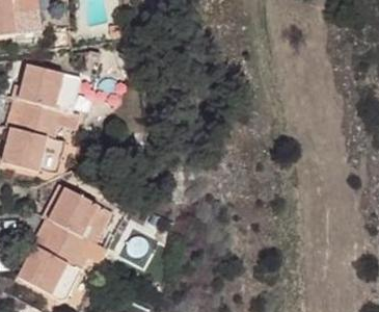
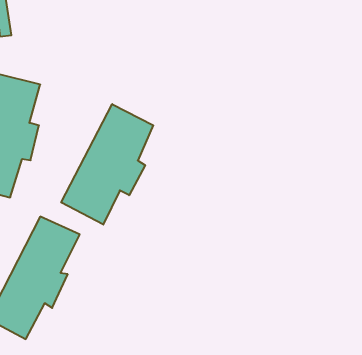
building: none -> [61,104,153,225]

